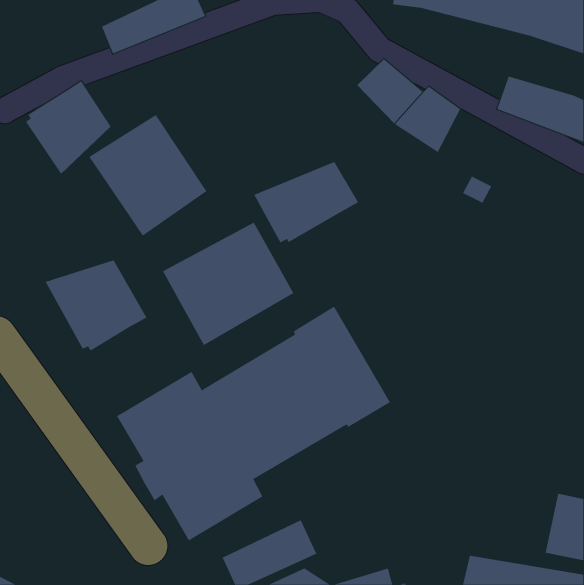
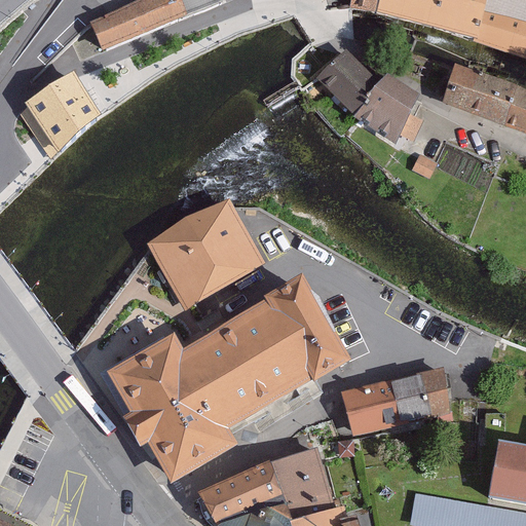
building: [89,114,207,237] -> none
building: [253,161,359,243] -> none
building: [45,260,147,351] -> none
building: none -> [343,366,456,439]
building: none -> [273,445,339,519]

